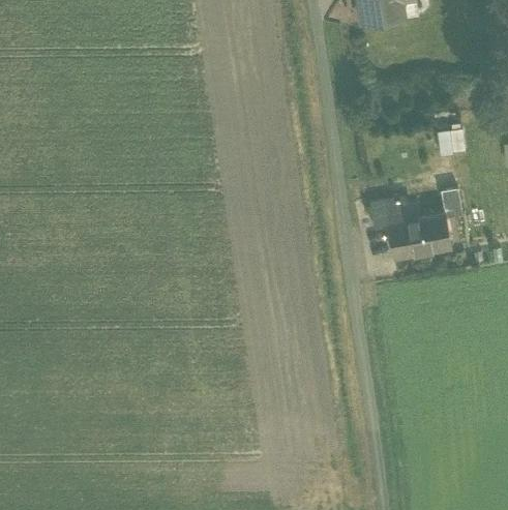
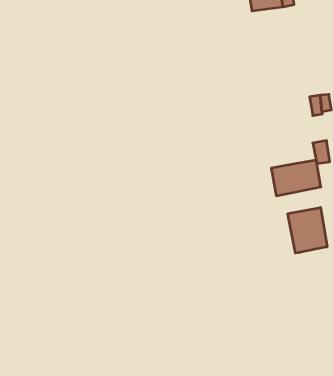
building: [368,196,410,228] -> none
building: none -> [288,207,327,253]

